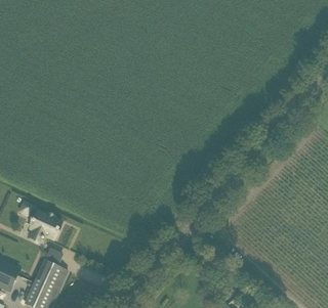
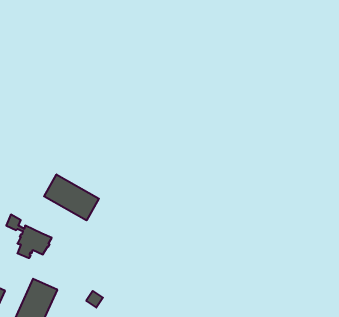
building: none -> [44,174,99,220]

